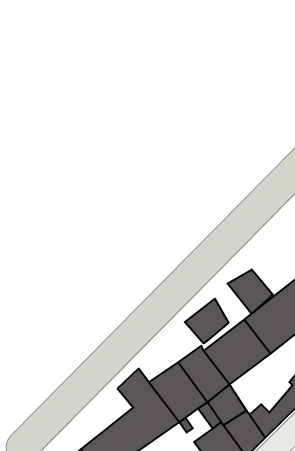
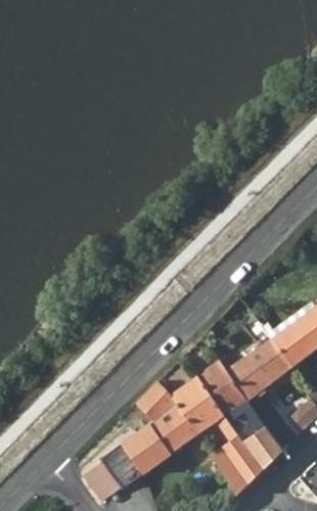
building: [227,269,273,314] -> none
building: [185,299,228,343] -> none

